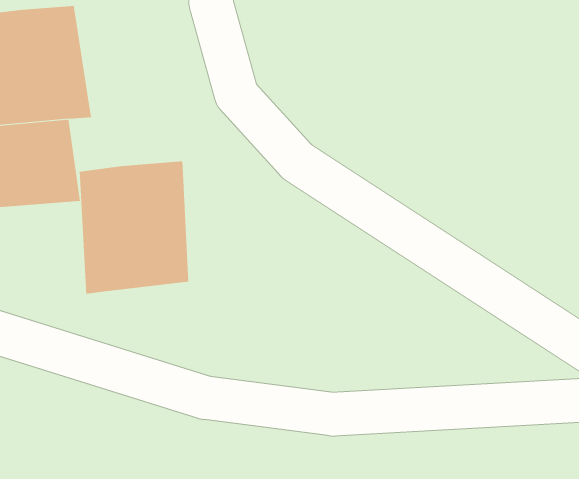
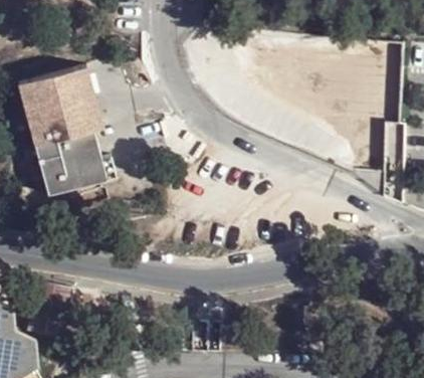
building: [79,160,189,295] -> none

